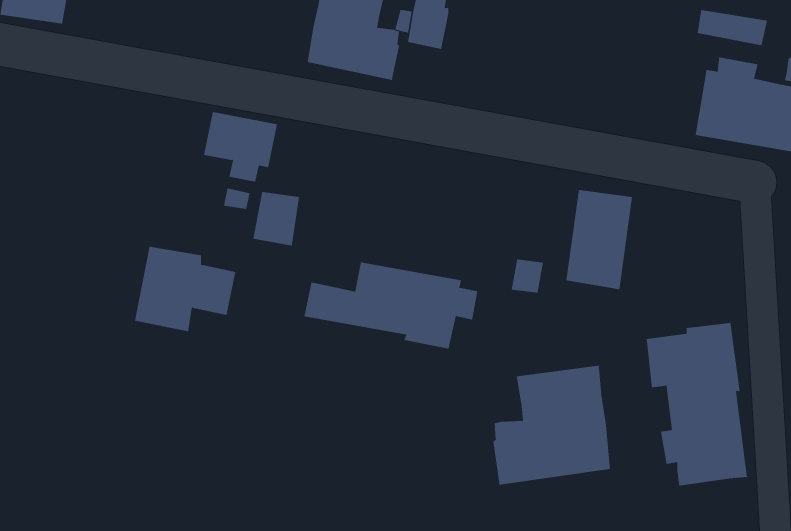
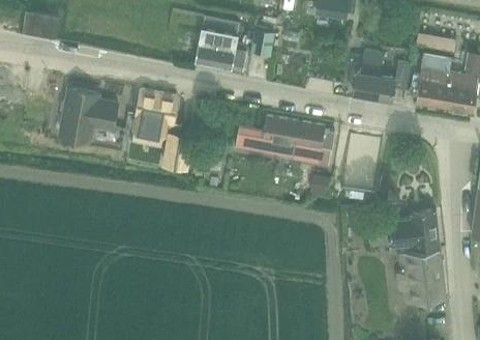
building: none -> [354,49,412,101]
building: [134,246,236,332] -> [60,87,118,136]
building: [303,262,478,349] -> [236,115,335,165]
building: [493,365,611,486] -> none

